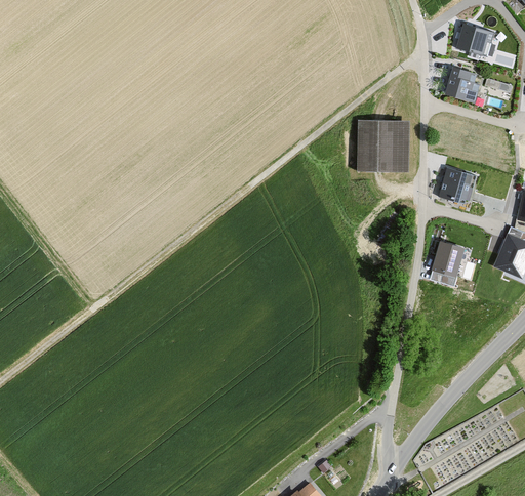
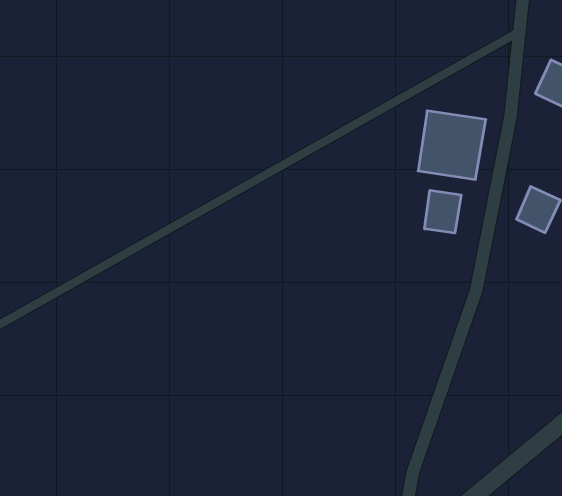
building: none -> [425,190,461,233]
building: [433,244,463,278] -> none

